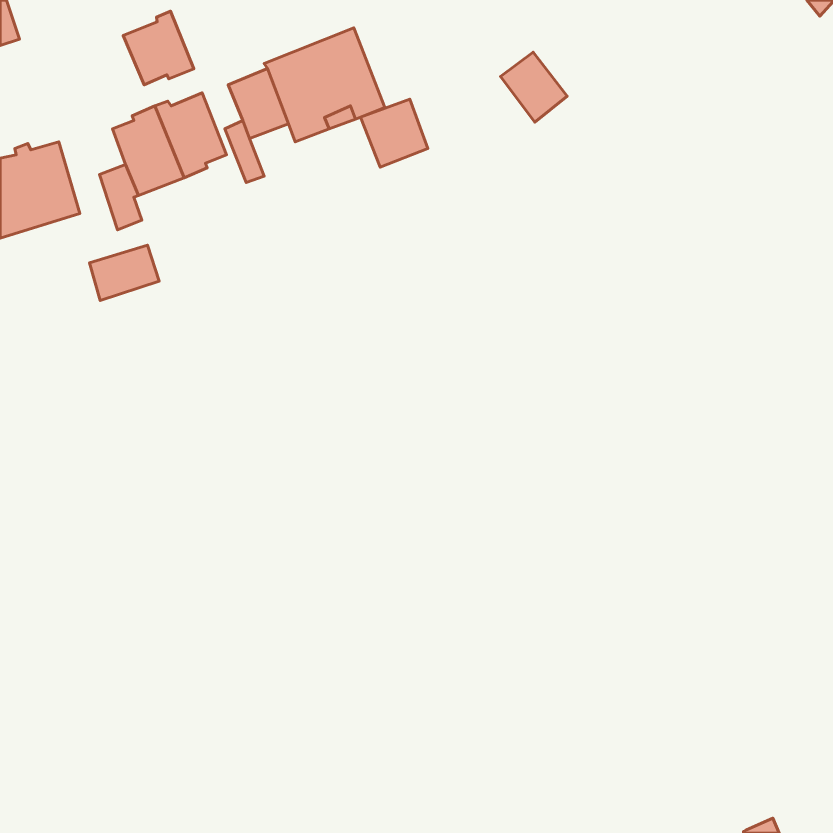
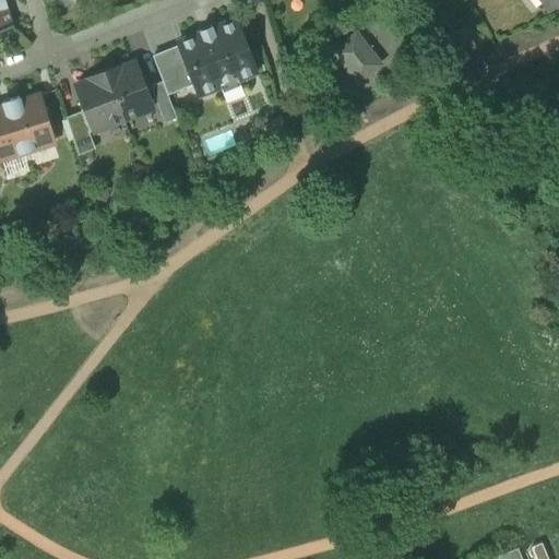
building: [123,11,194,85] -> none
building: [361,99,428,167] -> none
building: [90,245,159,300] -> none

